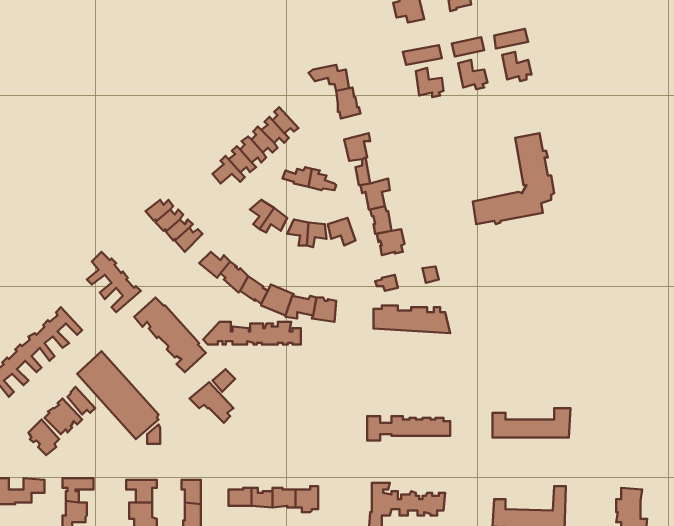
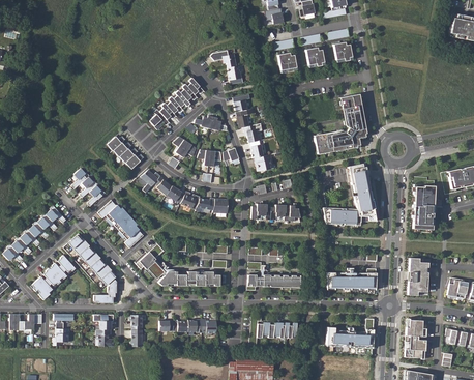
building: none -> [323,163,376,226]
building: none -> [413,185,435,230]
building: [203,322,301,345] -> [157,271,219,286]
building: none -> [408,258,428,296]

